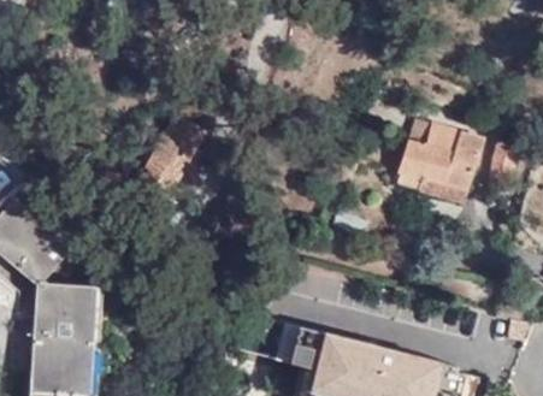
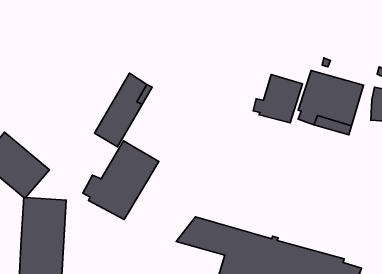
building: none -> [253,74,302,123]
building: none -> [83,141,159,220]

